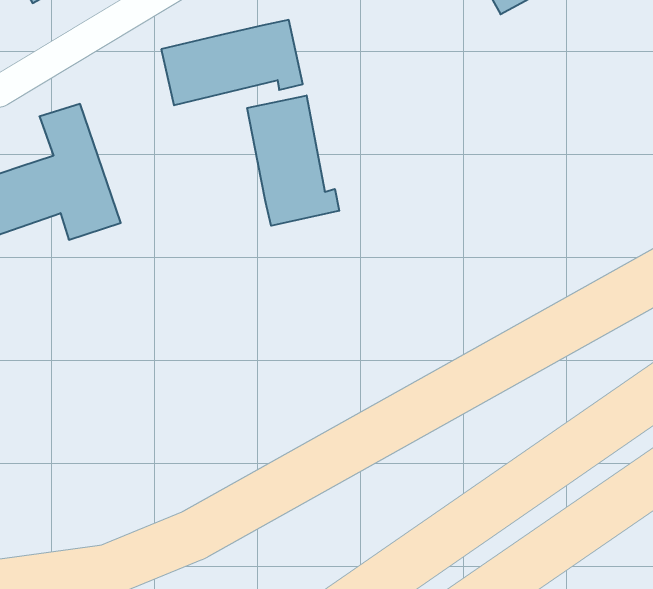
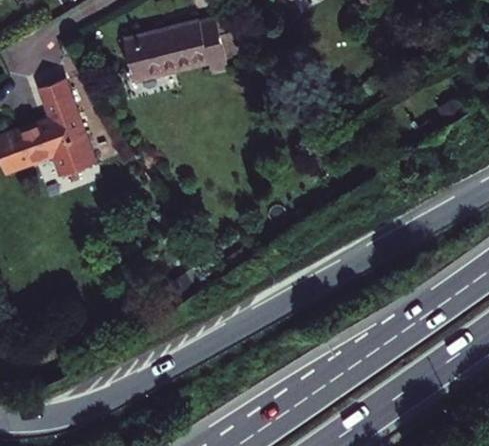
building: [247,95,339,226] -> none

